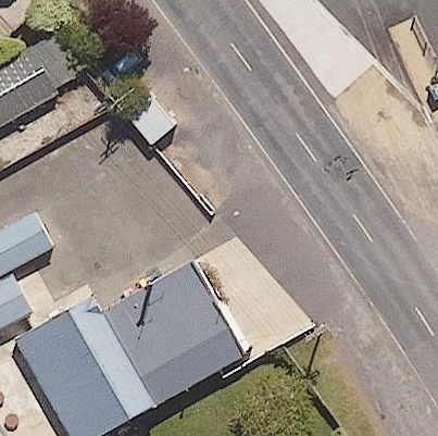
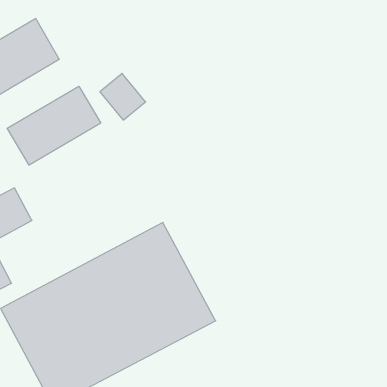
building: none -> [7,86,101,165]

